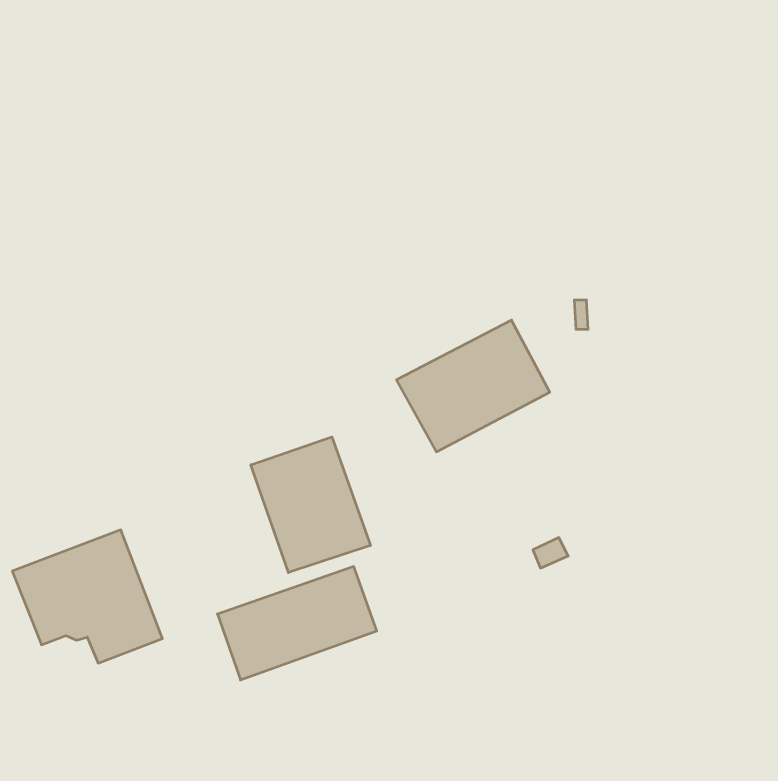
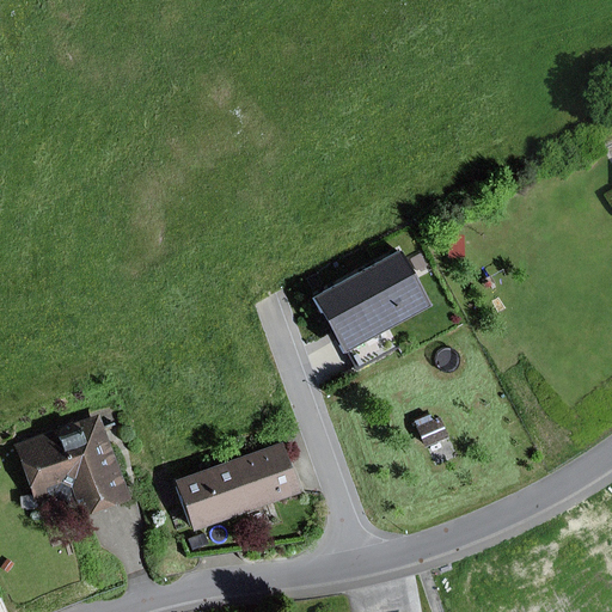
building: [251,437,370,573] -> none

